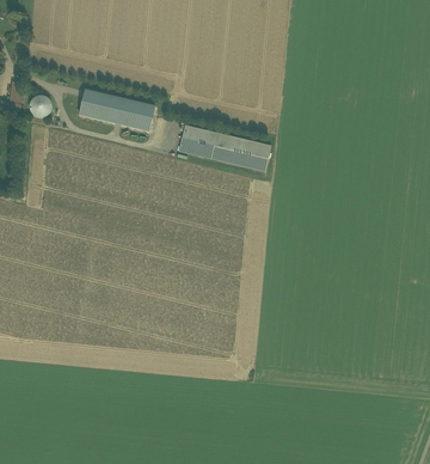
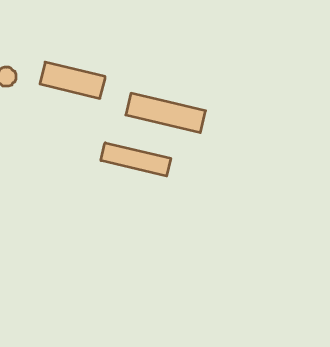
building: none -> [101,143,171,176]

